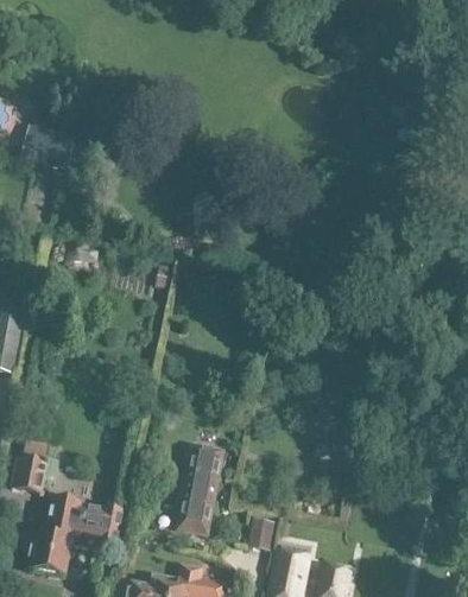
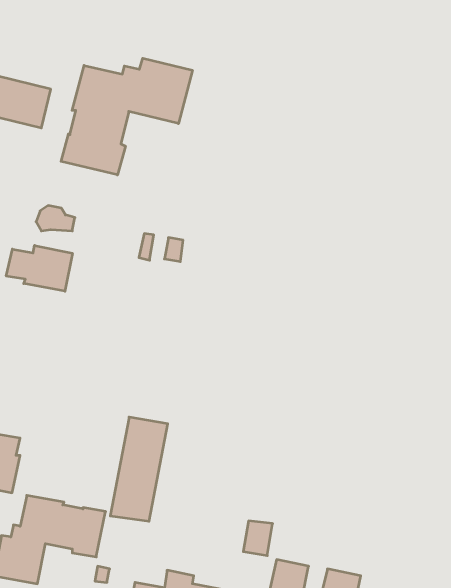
building: none -> [61,58,192,175]
building: none -> [6,245,72,291]
building: [173,443,224,535] -> [110,417,168,521]

